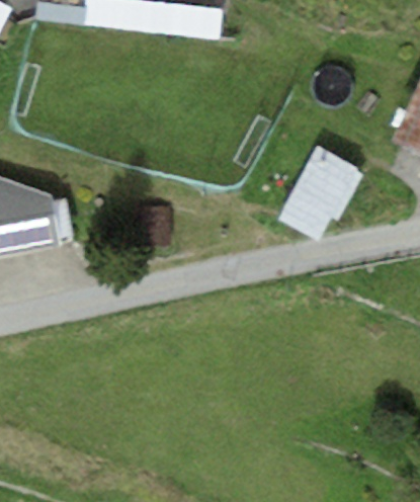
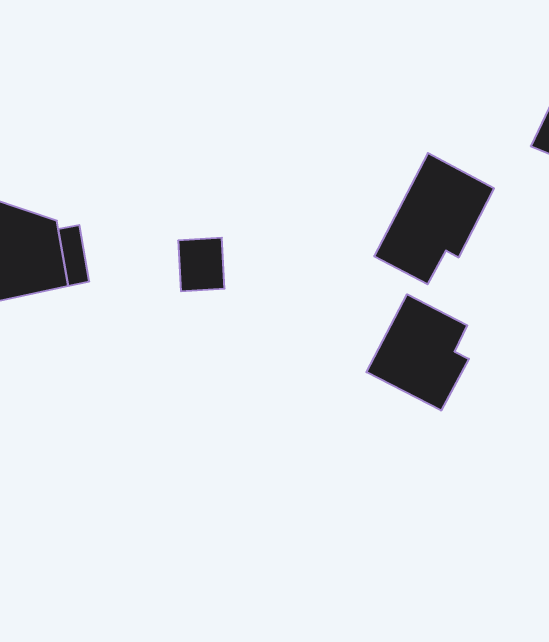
building: none -> [366,294,469,411]

